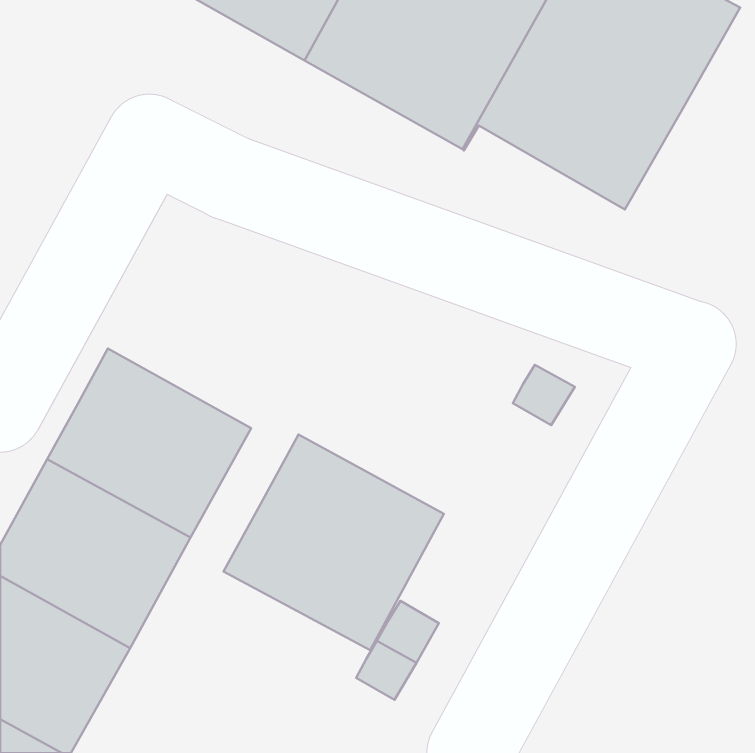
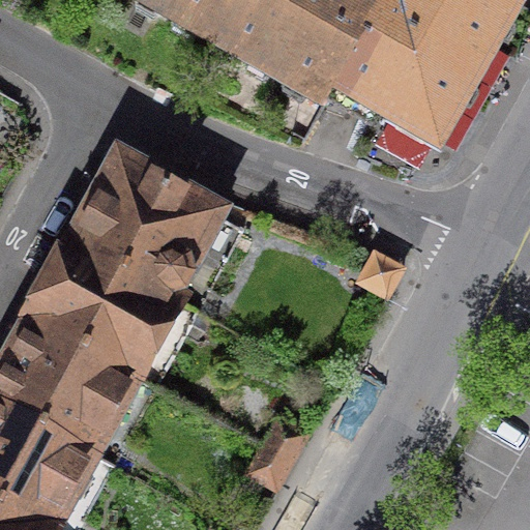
building: none -> [76,165,223,300]
building: [223,434,444,650] -> none

